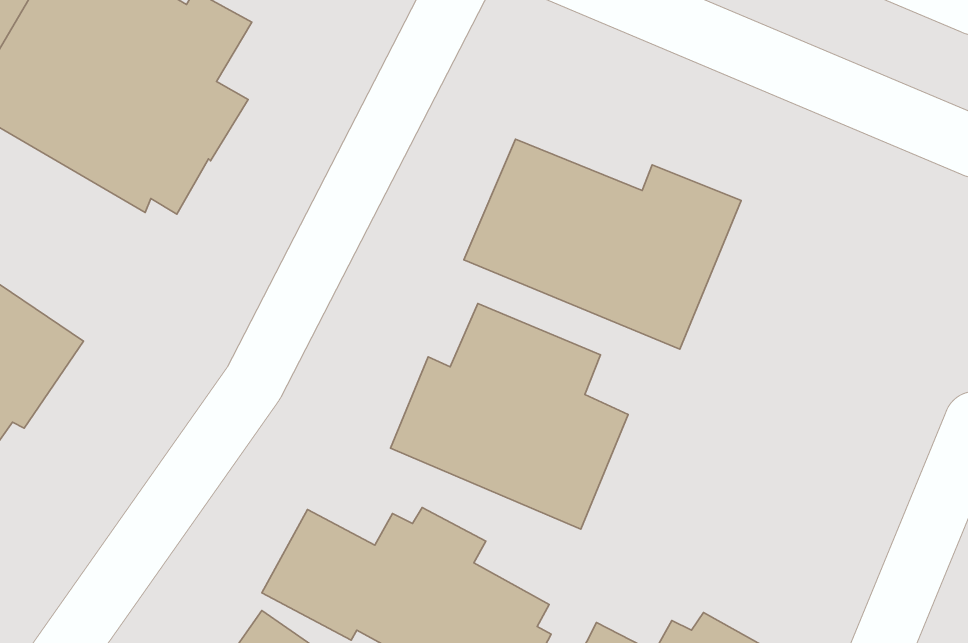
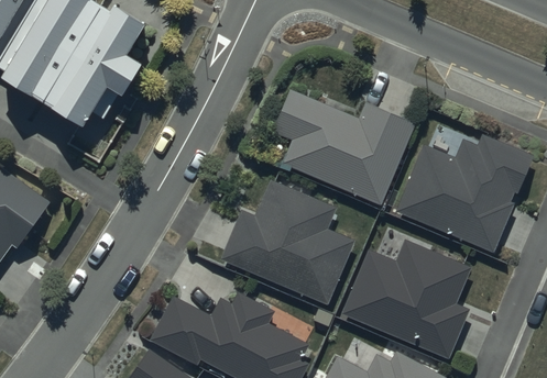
building: none -> [395,135,534,252]
building: none -> [343,240,472,359]

